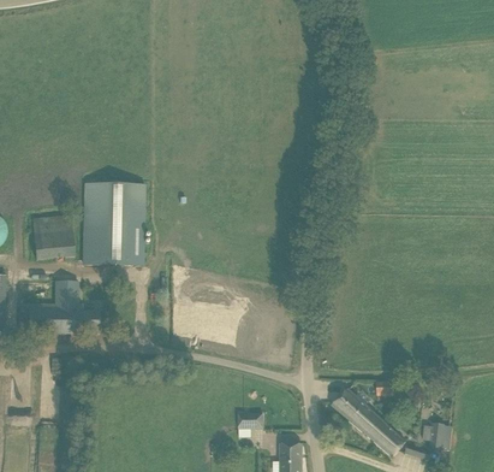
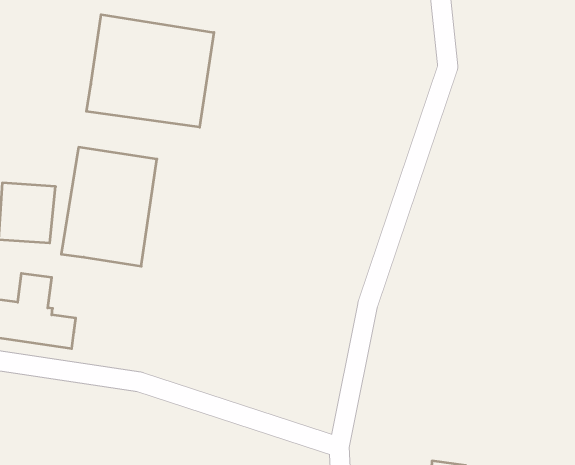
building: none -> [86,15,214,127]

